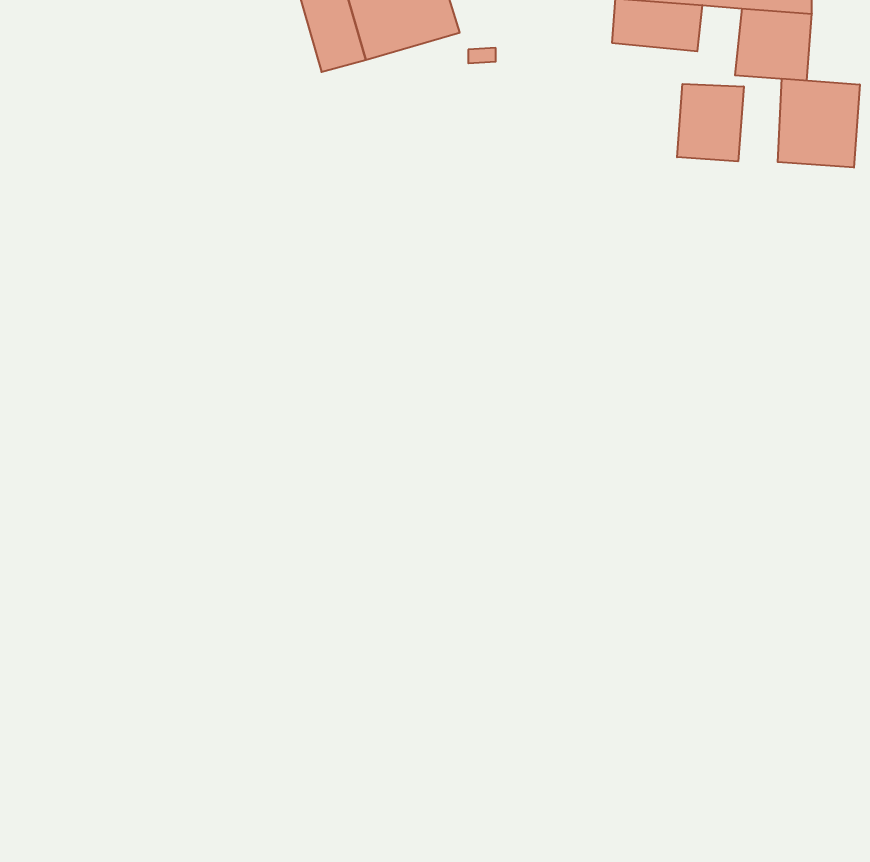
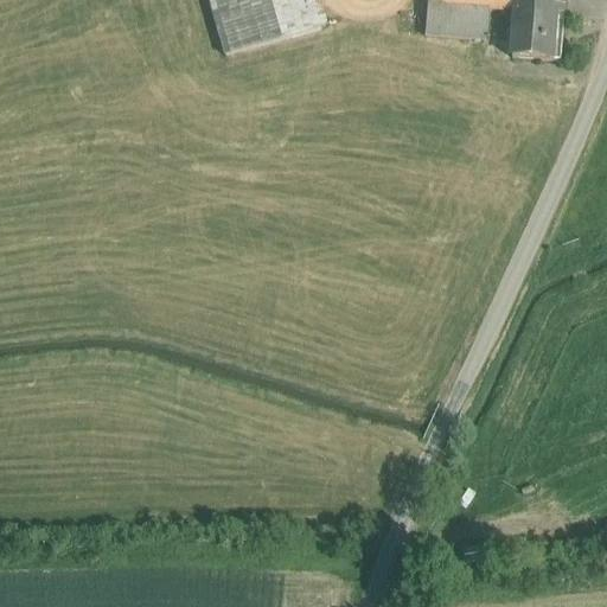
building: [778,79,860,168] -> none
building: [677,84,744,161] -> none

